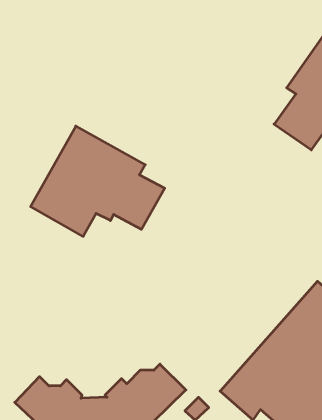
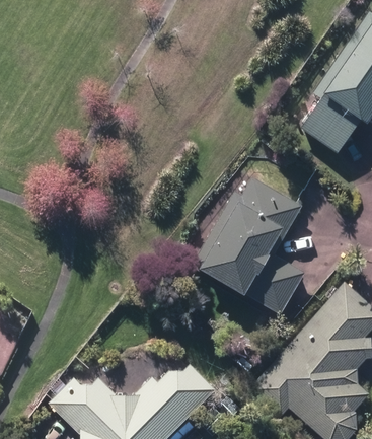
building: [31,126,165,236] -> none
building: none -> [194,177,306,313]

